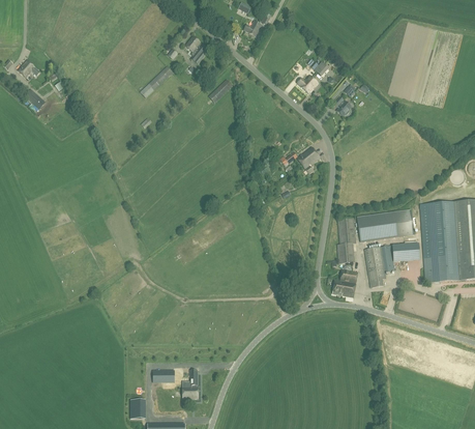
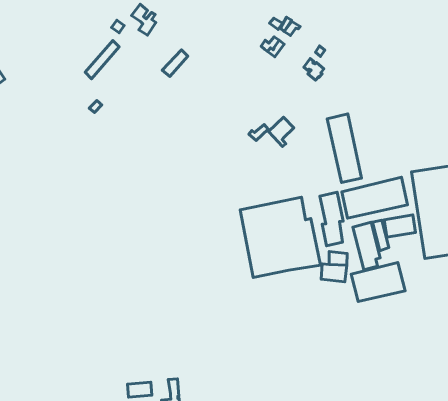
building: none -> [327,114,361,183]
building: none -> [240,197,320,277]
building: none -> [351,263,405,302]

